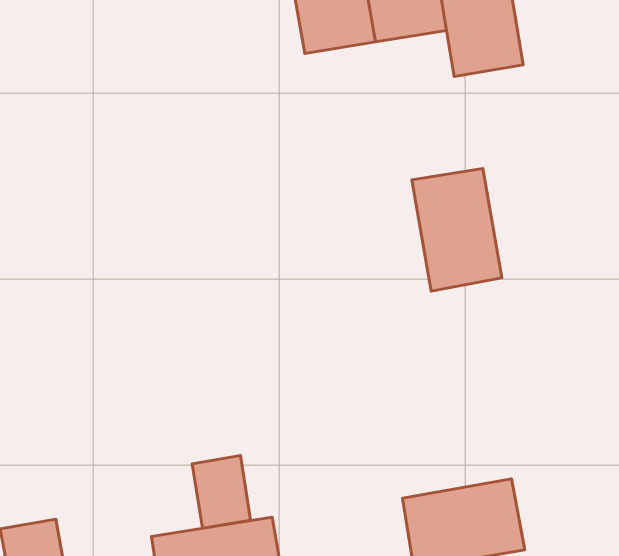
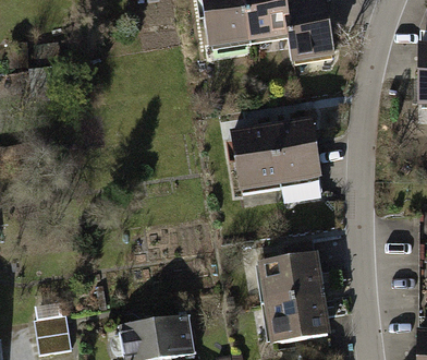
building: none -> [228,121,279,191]
building: none -> [256,252,325,302]
building: [192,456,251,528] -> none

